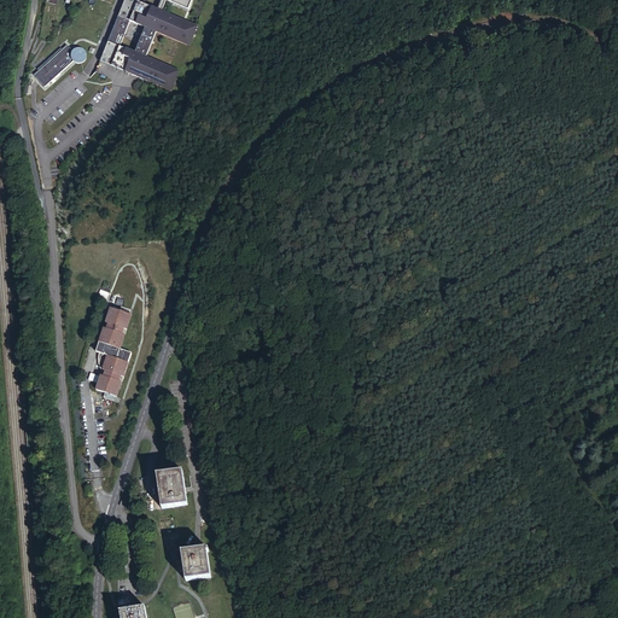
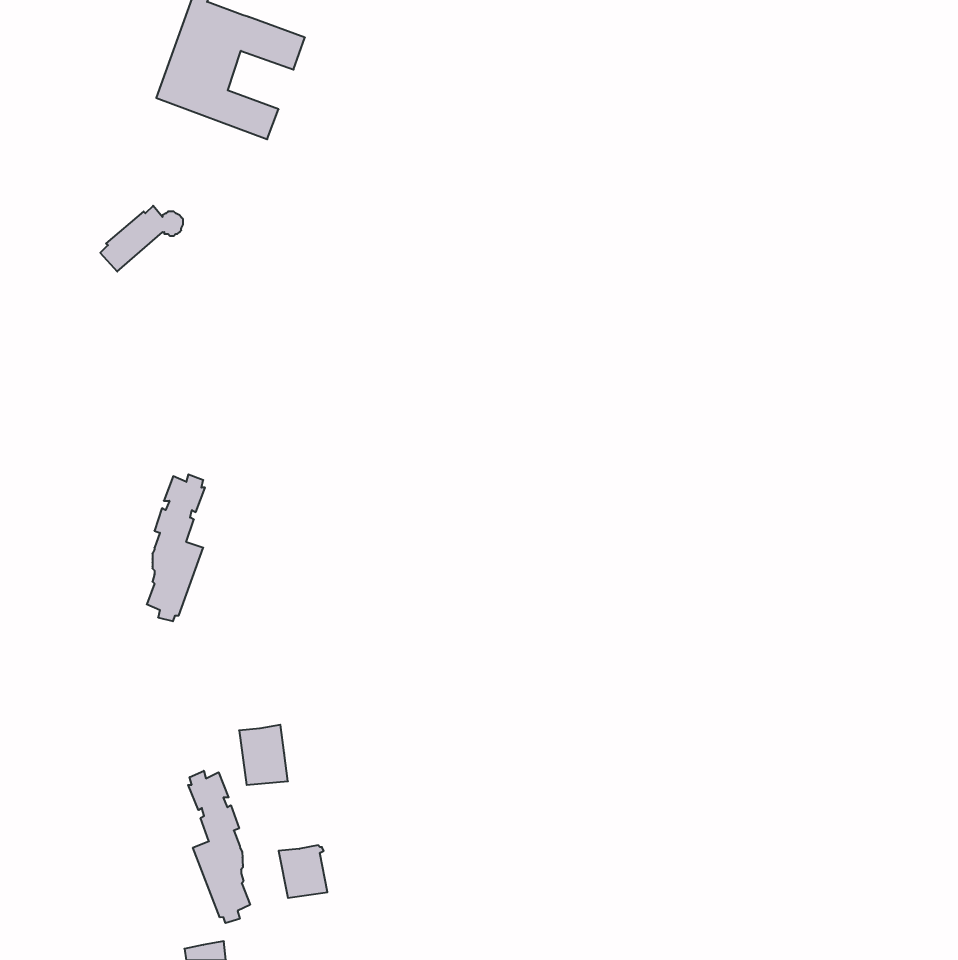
building: [34,46,87,88] -> [100,206,183,272]
building: none -> [188,771,250,923]

